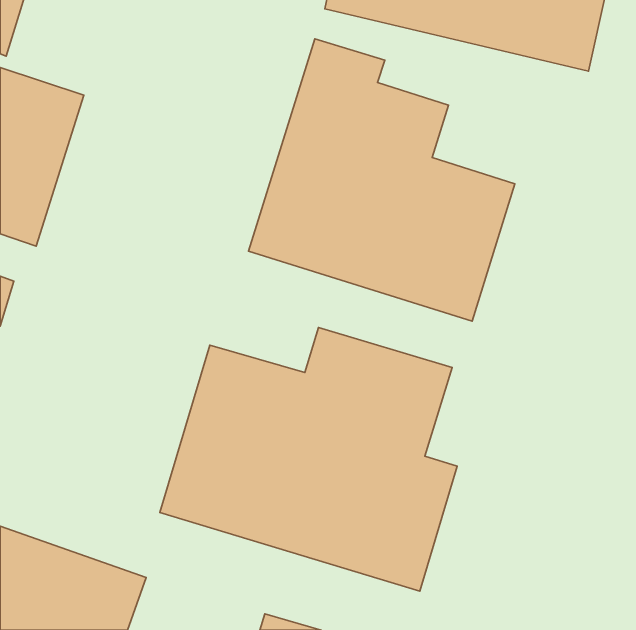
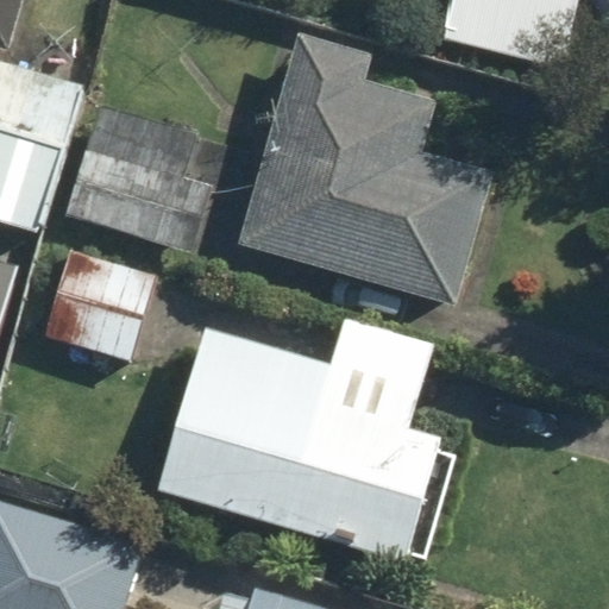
building: none -> [67,99,215,252]
building: none -> [43,251,156,358]

